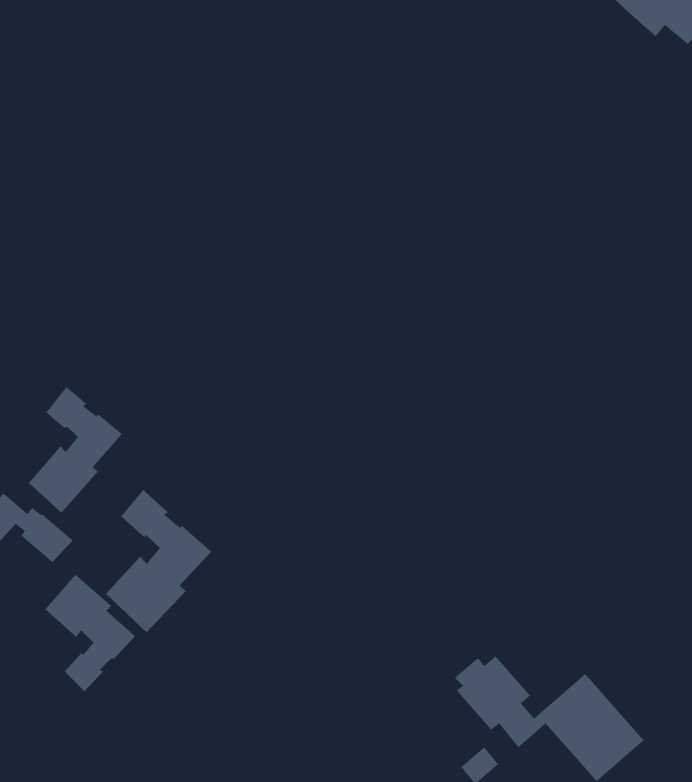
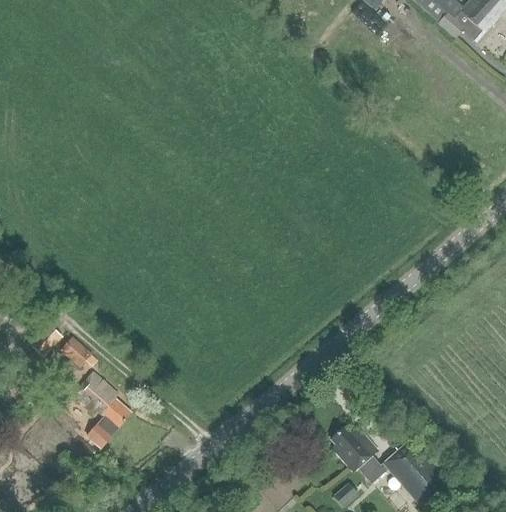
building: [28,386,123,513] -> none
building: [105,489,212,633] -> none

